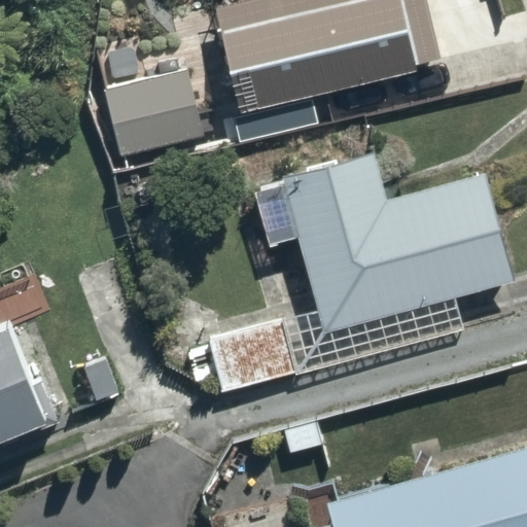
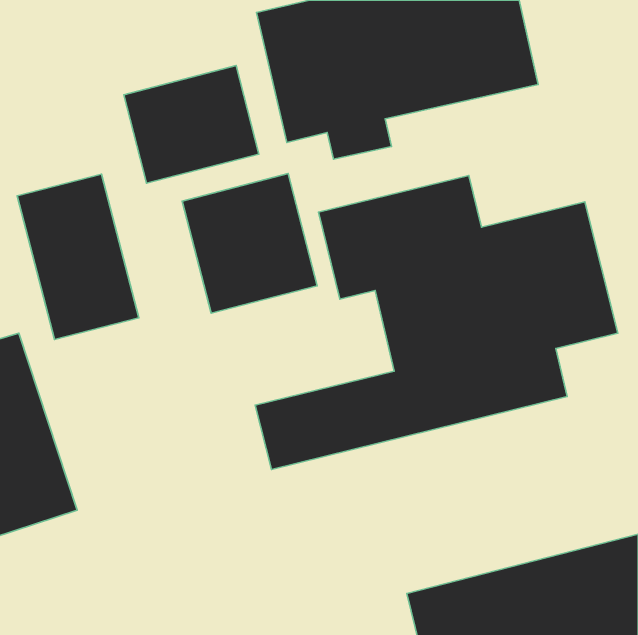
building: none -> [182,174,317,313]
building: none -> [17,174,139,340]

